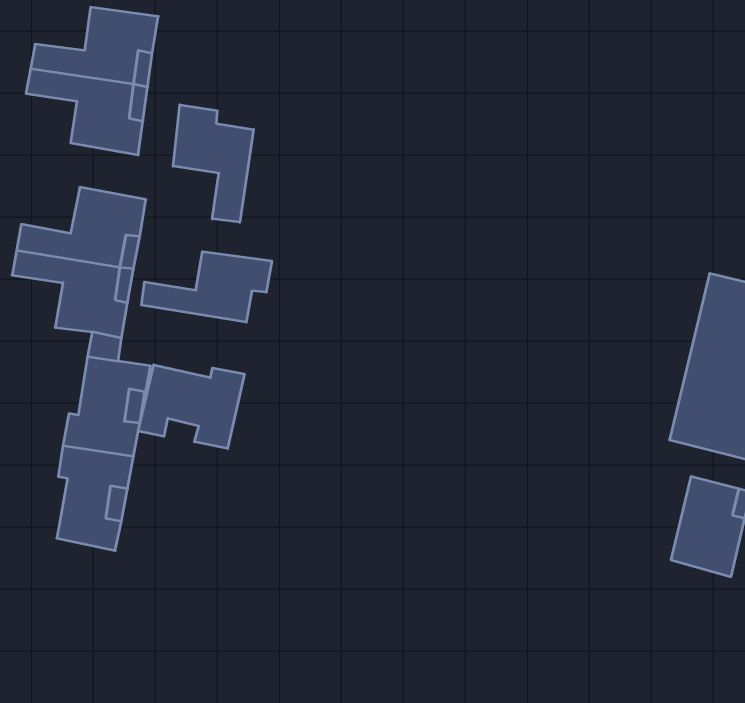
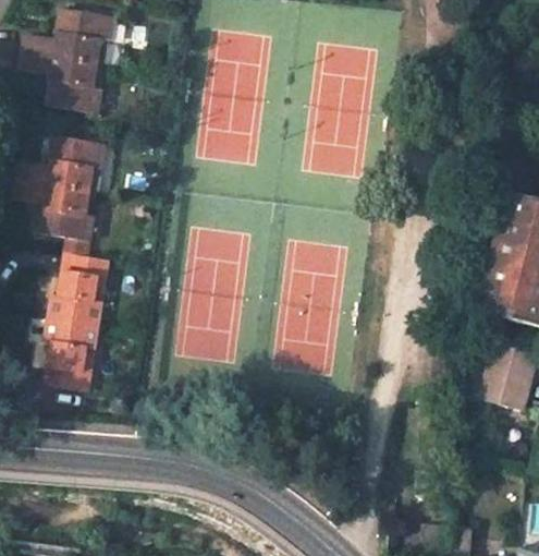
building: [173,105,254,222] -> none
building: [141,252,272,322] -> none
building: [138,365,244,449] -> none

